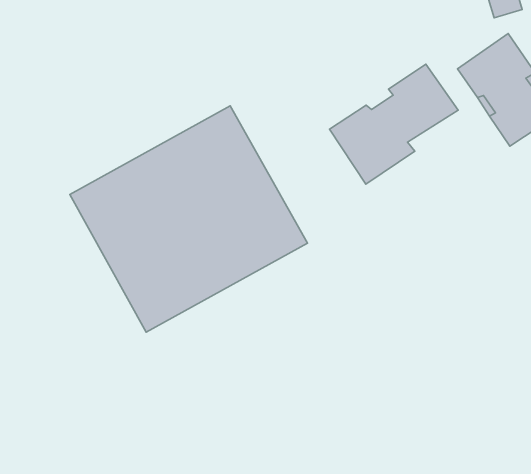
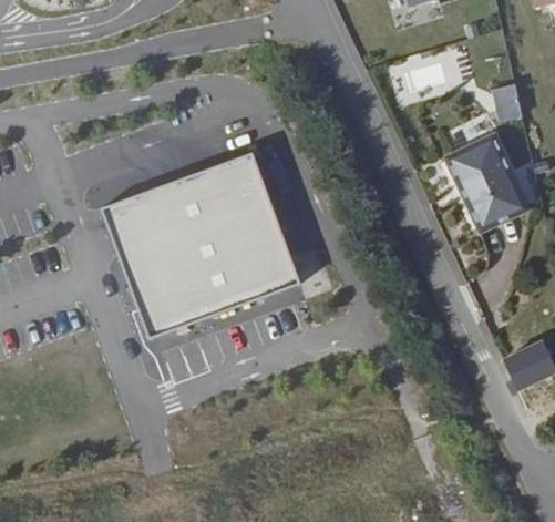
building: [330,64,458,184] -> none

